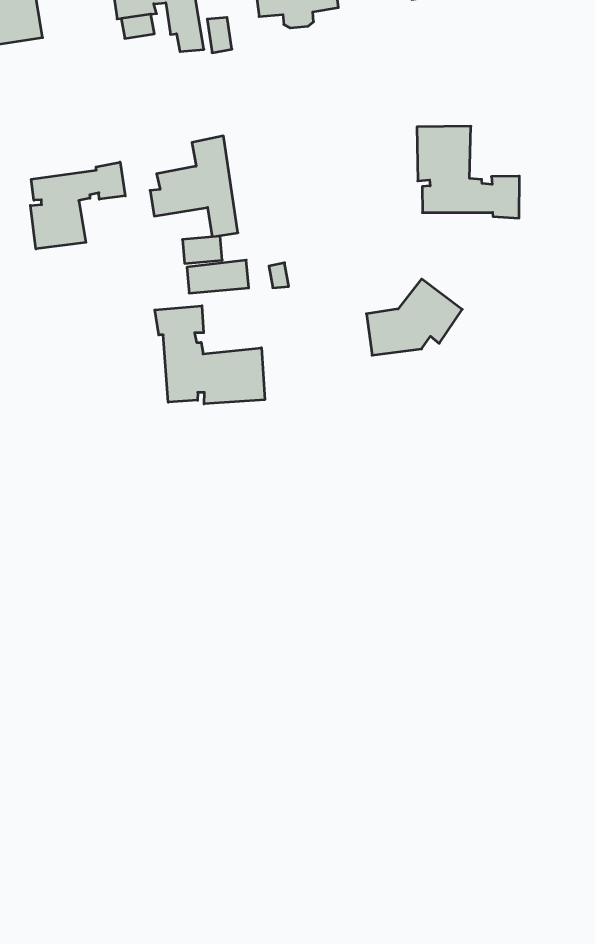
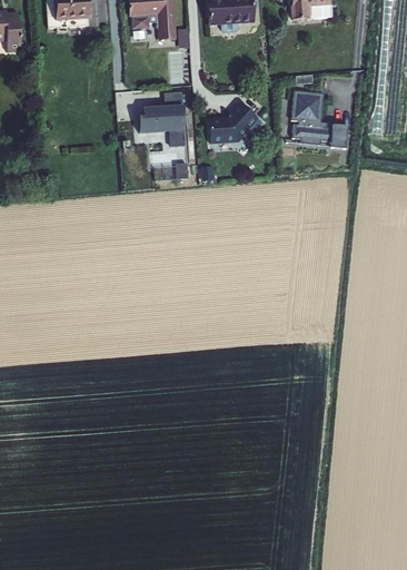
building: [30,162,125,249] -> none
building: [366,279,462,355] -> [209,100,262,140]
building: [155,306,265,404] -> none

